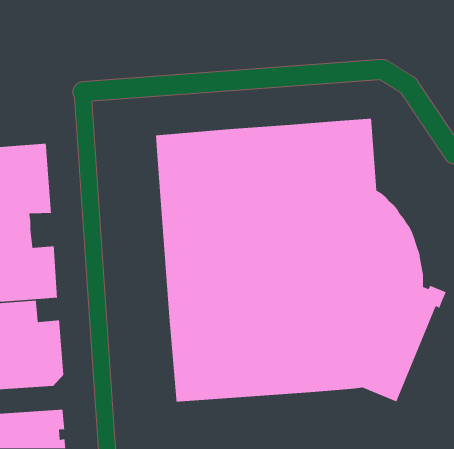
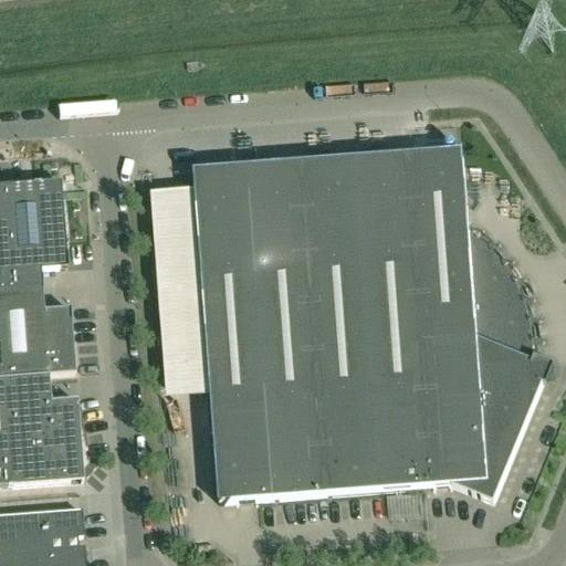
building: none -> [153,187,209,396]

